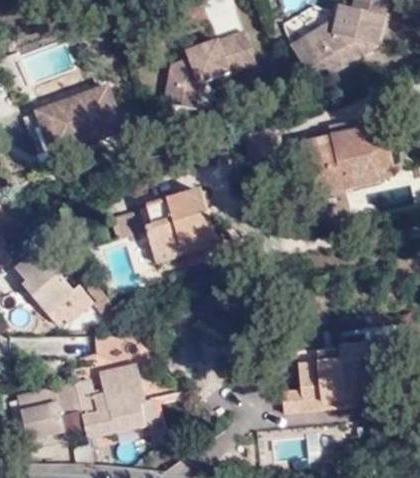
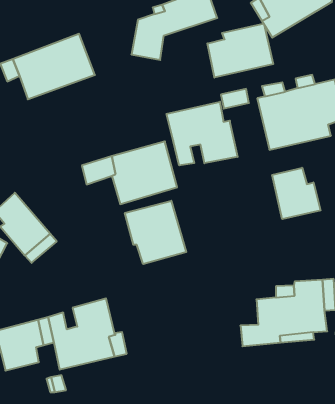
building: none -> [207,24,273,78]
building: none -> [166,102,238,165]
building: none -> [272,168,321,219]
building: none -> [125,201,186,264]

